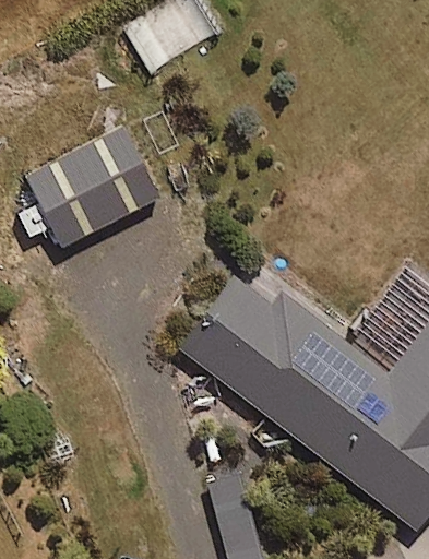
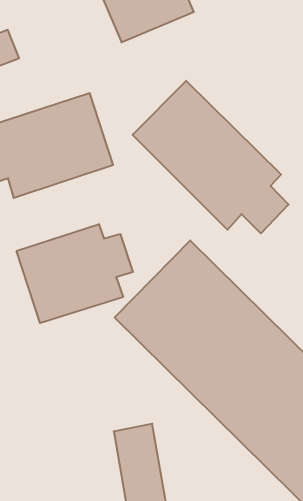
building: none -> [133,81,289,233]
building: none -> [17,224,133,323]

